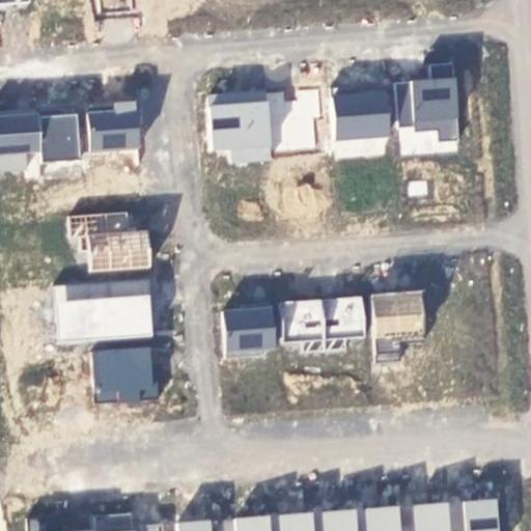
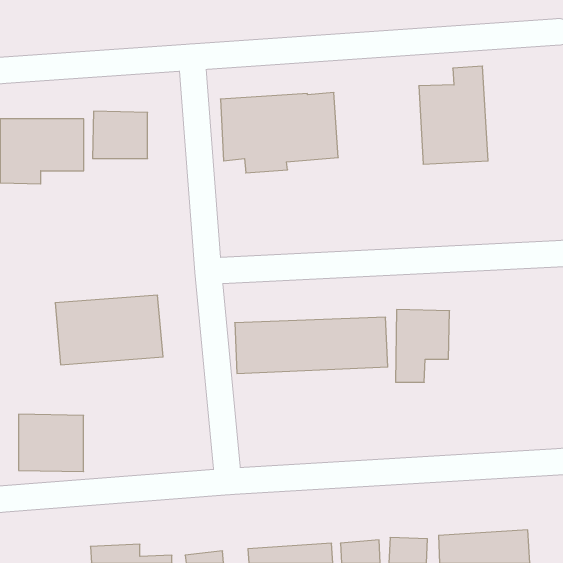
building: [331,88,391,158] -> none
building: [72,211,151,274] -> none
building: [92,347,153,401] -> [19,414,84,472]

